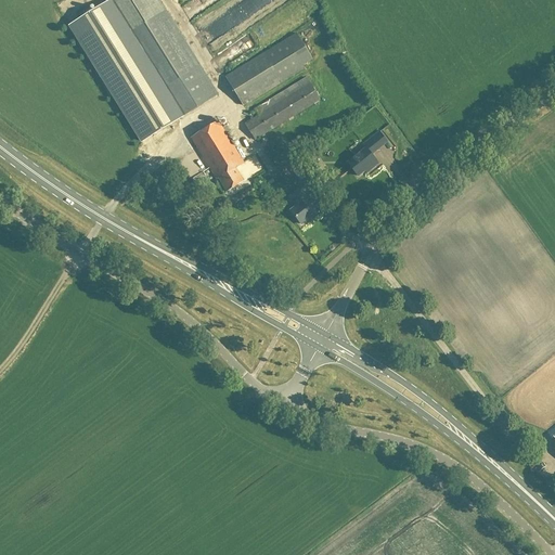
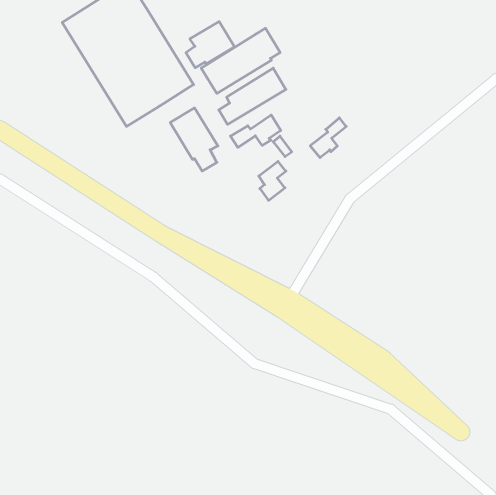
building: none -> [186,22,235,68]
building: none -> [230,115,281,147]

